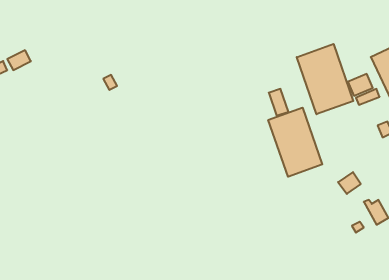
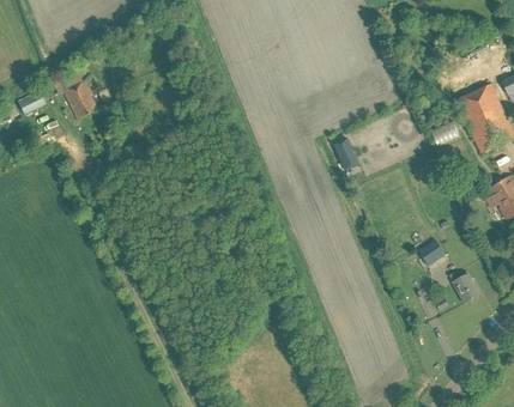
building: none -> [62,83,95,120]
building: [297,44,353,114] -> none
building: [268,108,322,177] -> none

